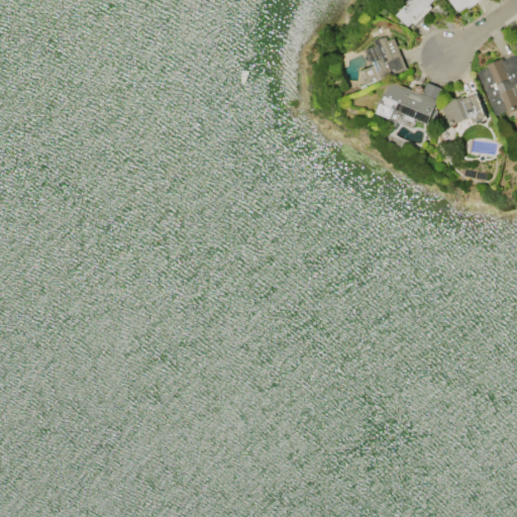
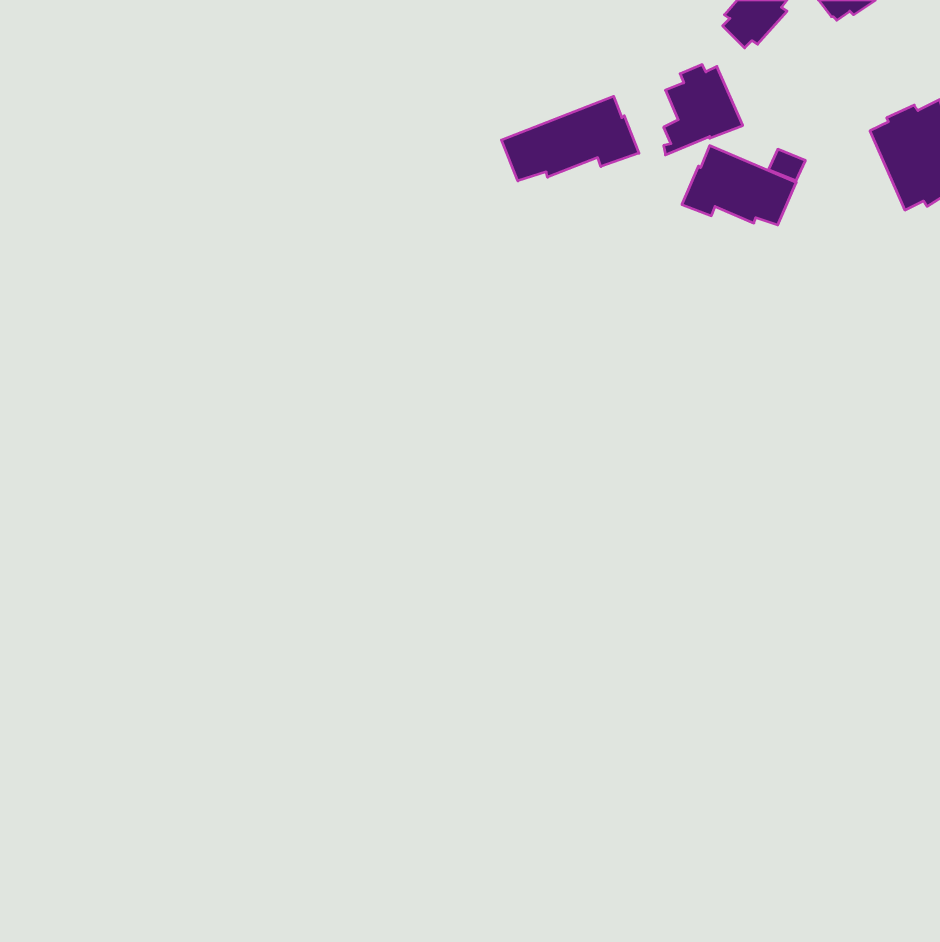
building: none -> [501,96,639,181]
building: [441,90,487,125] -> none

